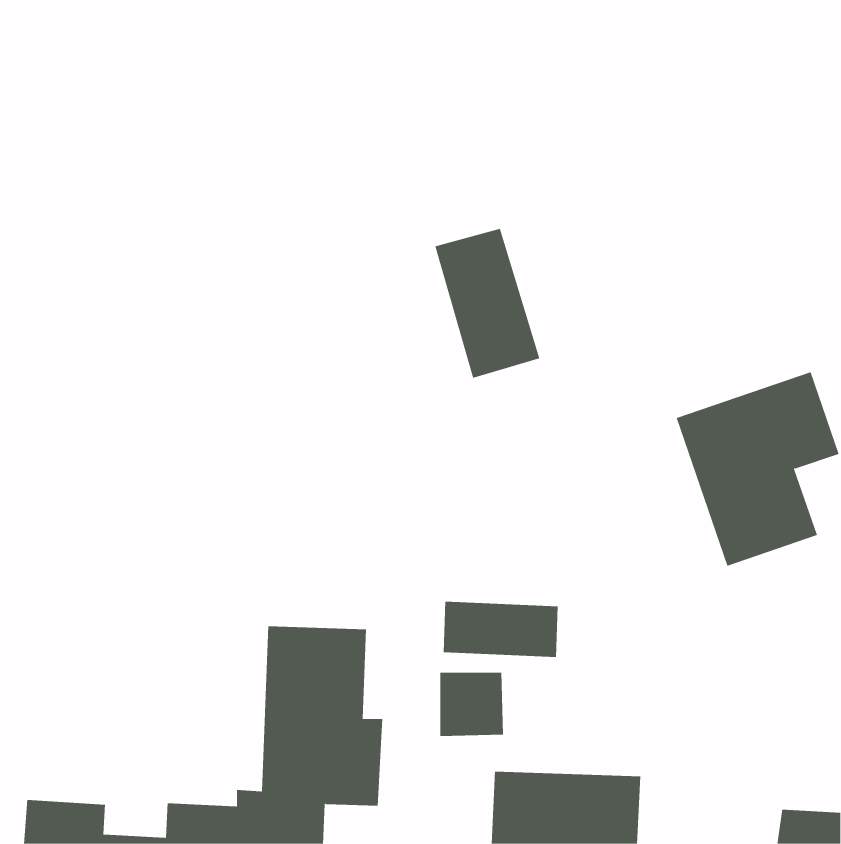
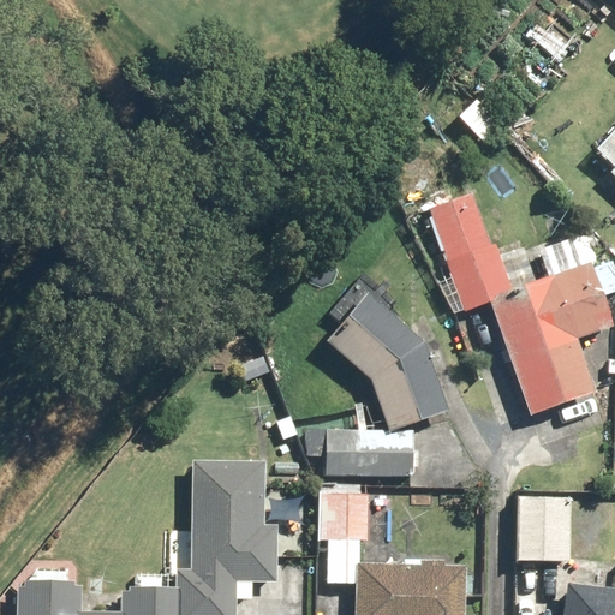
building: [434,228,540,378] -> [431,197,508,306]
building: none -> [327,295,446,430]
building: none -> [515,491,567,561]

